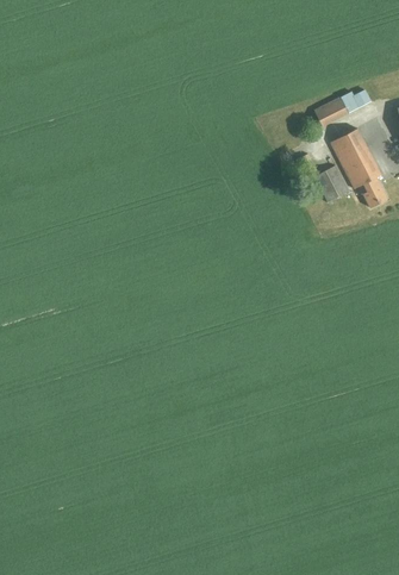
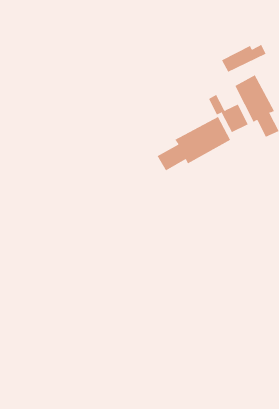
building: none -> [157,116,231,171]

